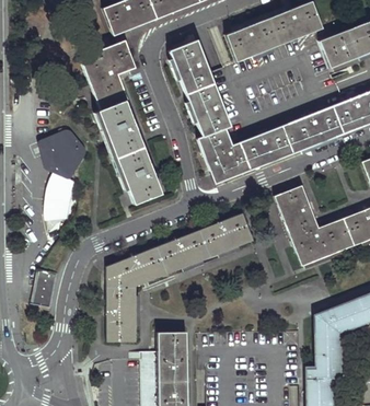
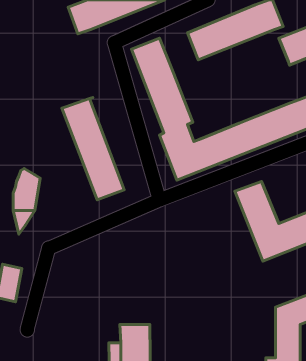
building: [79,39,136,109] -> none
building: [41,131,86,178] -> none
building: [106,212,253,340] -> none

